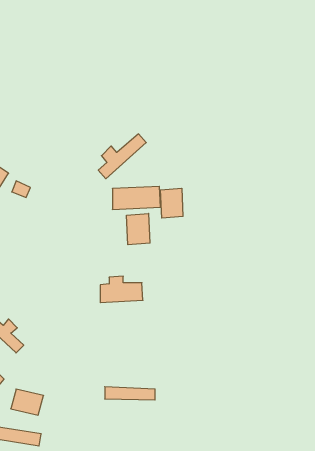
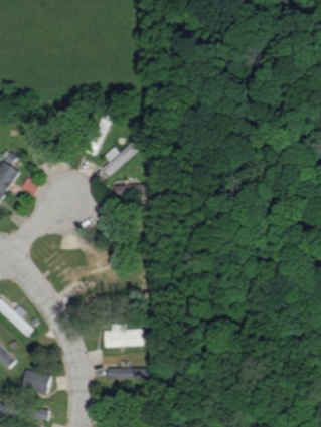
building: [160,188,183,218] -> none
building: [127,213,150,245] -> none
building: [100,276,143,303] -> [103,323,142,347]

